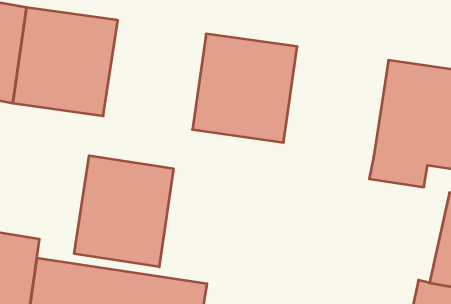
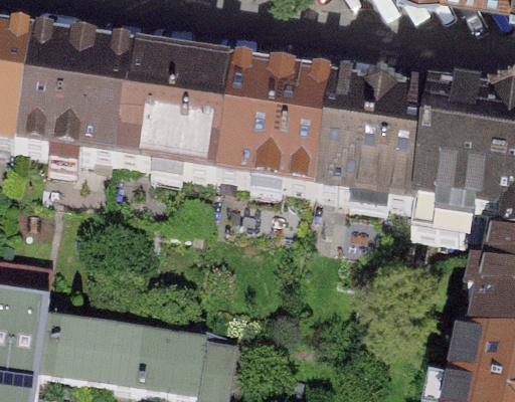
building: none -> [121,53,234,174]
building: none -> [320,82,436,203]
building: [74,156,173,267] -> none

